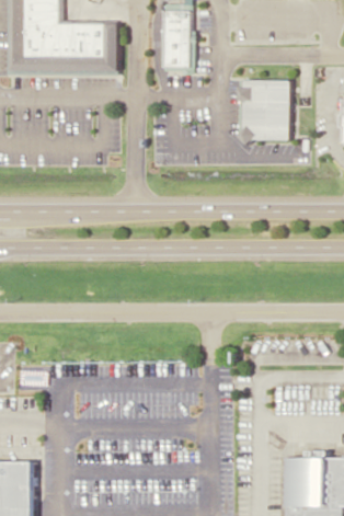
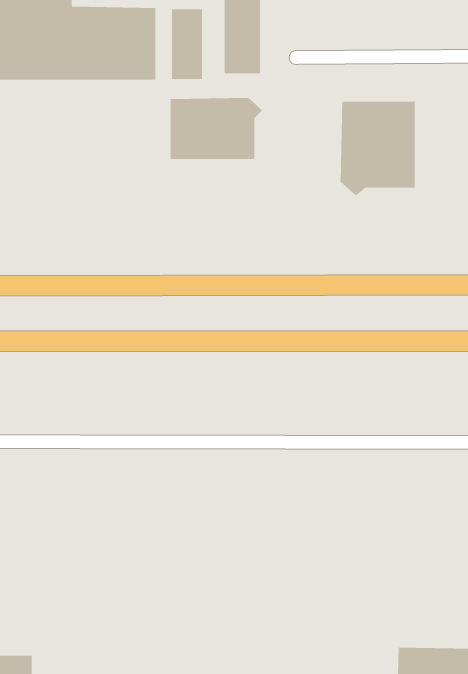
building: none -> [172,8,203,80]
building: none -> [170,97,263,160]

